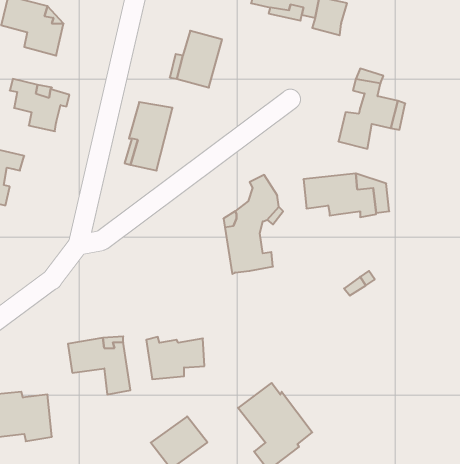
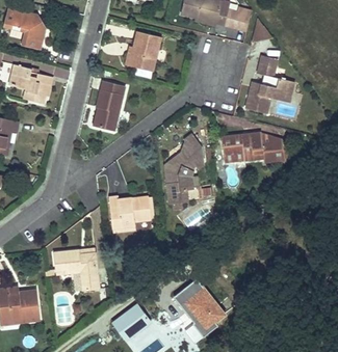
building: [146,337,204,379] -> [109,198,151,228]

